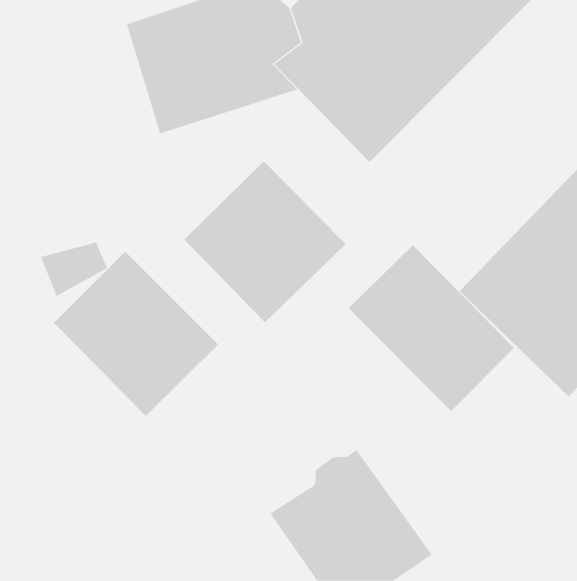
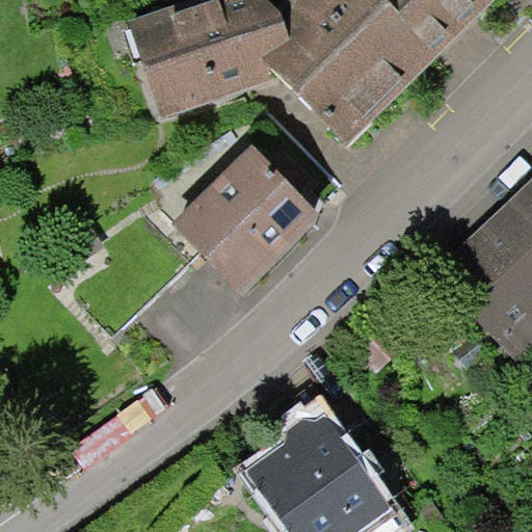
building: [348,244,515,412] -> none
building: [53,251,219,417] -> none

